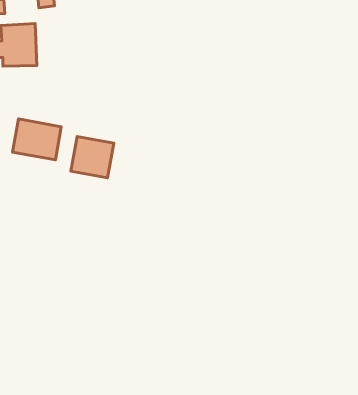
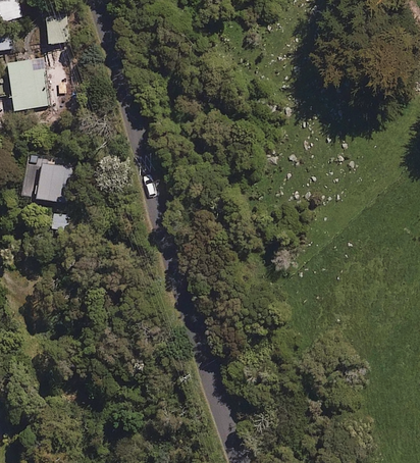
building: [71,137,114,178] -> none

